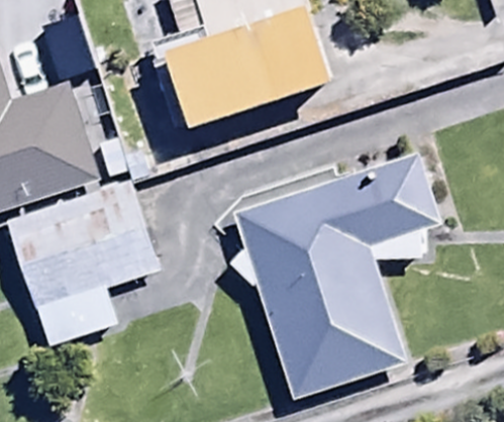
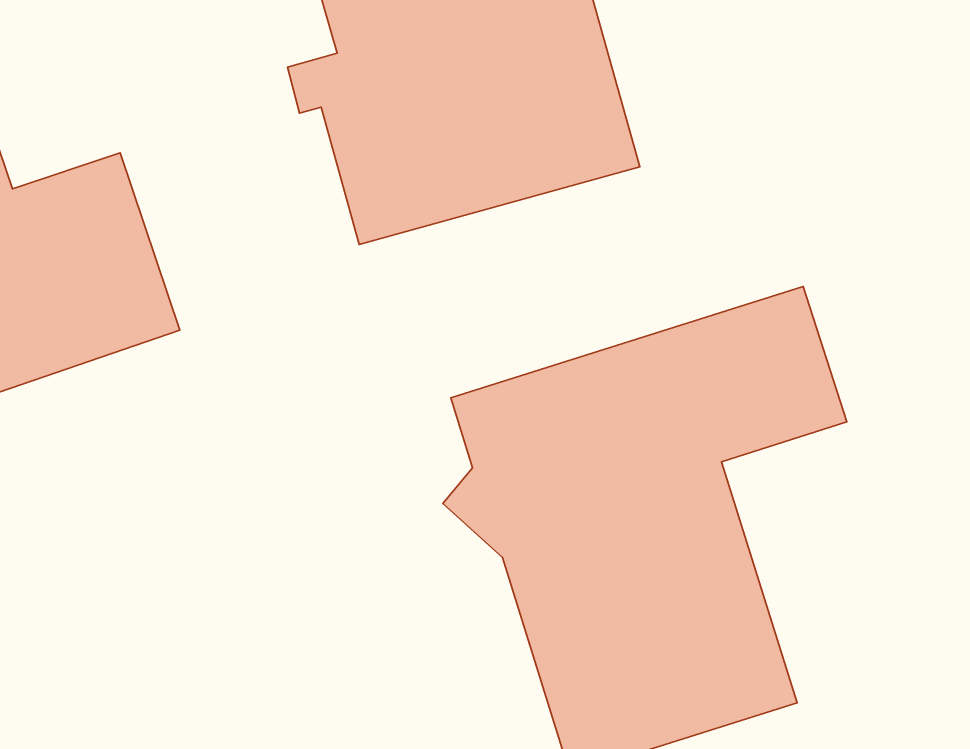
building: [10,185,155,346] -> none

